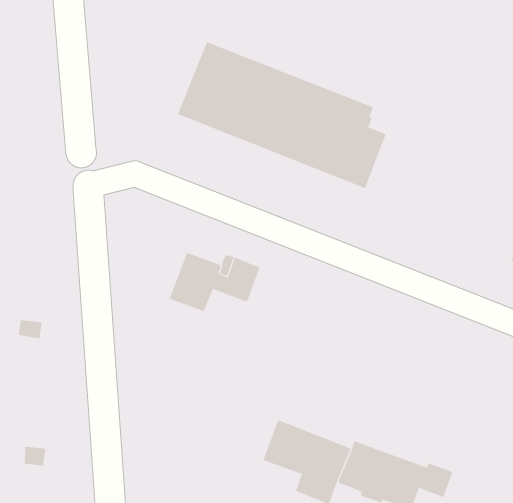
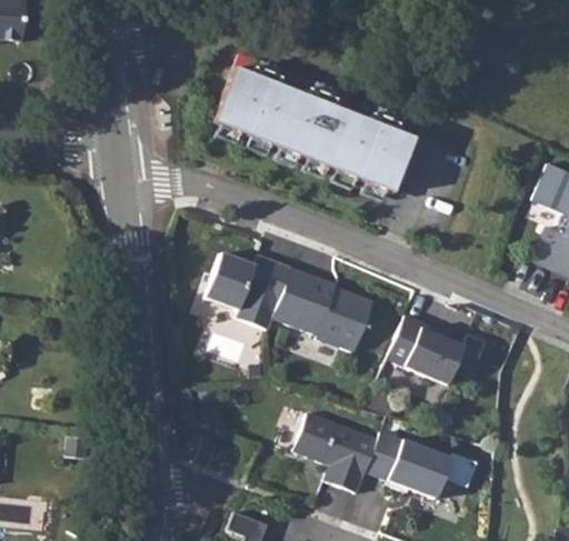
building: none -> [273,268,375,352]
building: none -> [388,315,486,385]

